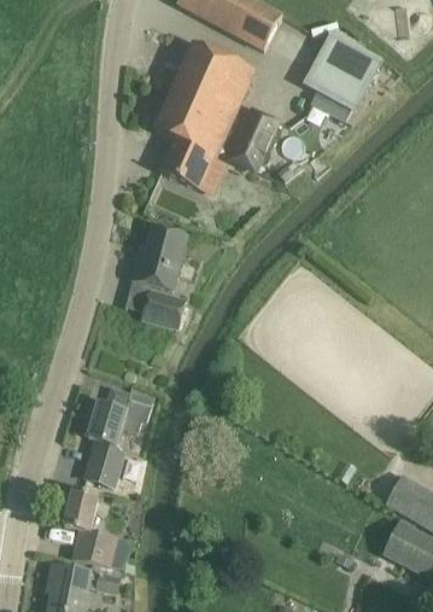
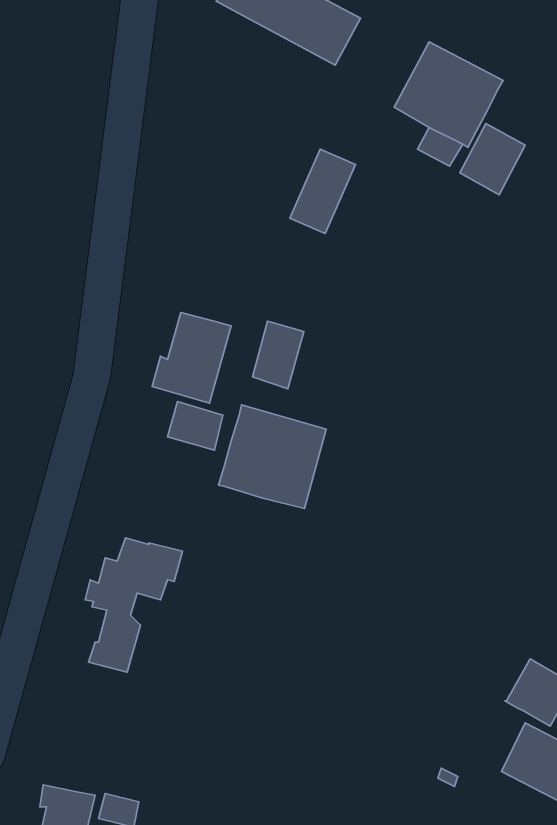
building: [153,41,254,188] -> none
building: none -> [460,123,525,195]
building: none -> [252,321,304,389]
building: none -> [218,405,326,508]
building: [57,489,133,571] -> none

